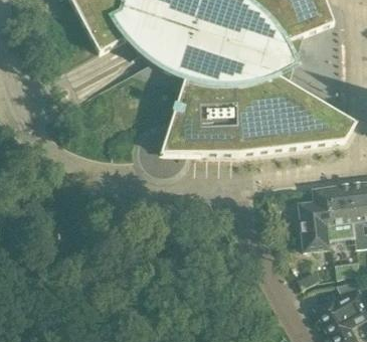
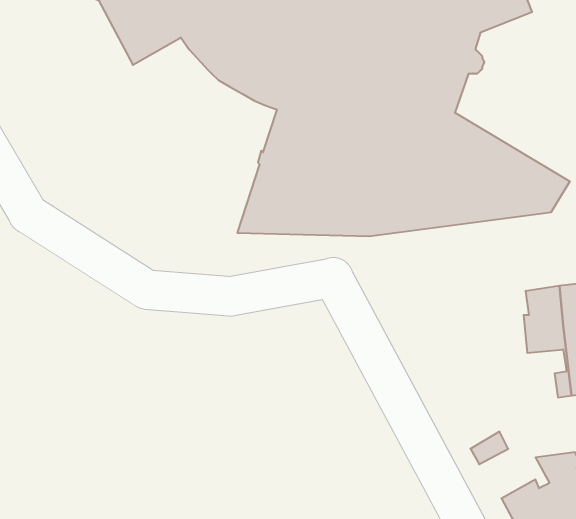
building: [295,186,328,250] -> none

